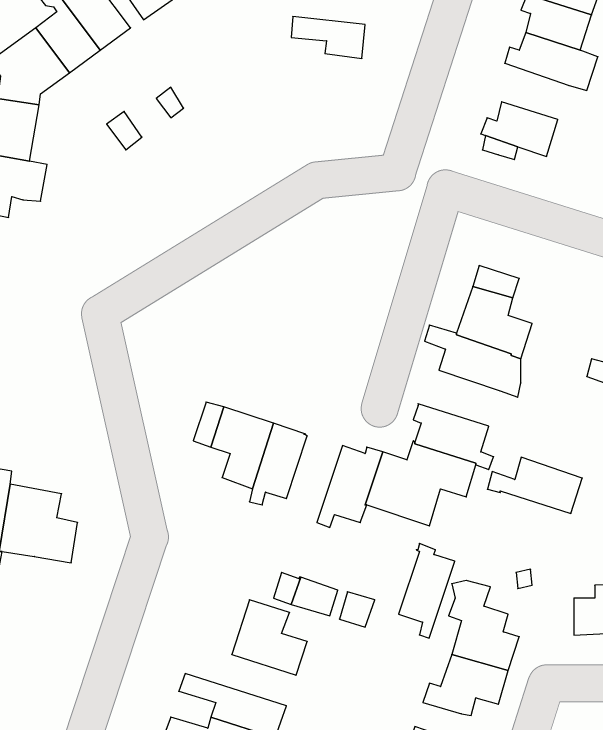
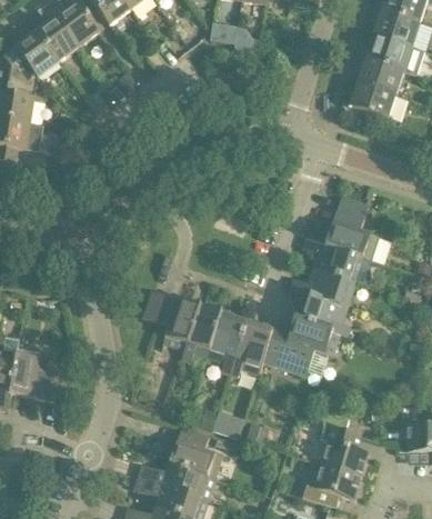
building: none -> [355,56,404,94]
building: [487,457,582,513] -> [291,268,356,307]
building: [399,543,455,638] -> [209,308,248,373]
building: none -> [139,465,215,500]

